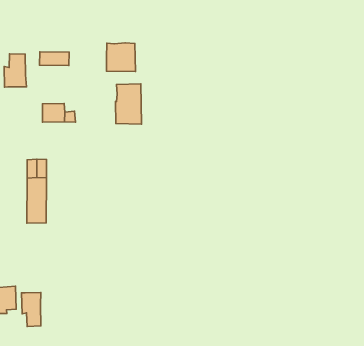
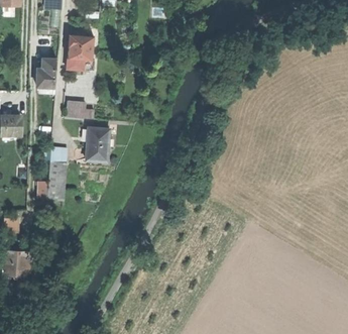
building: [106,43,136,71] -> [68,34,93,60]
building: [115,84,141,124] -> [86,127,109,161]
building: [22,292,41,327] -> none

